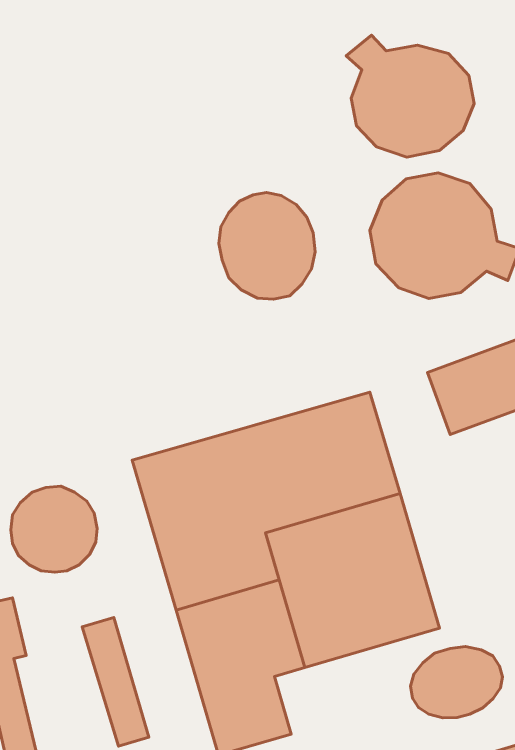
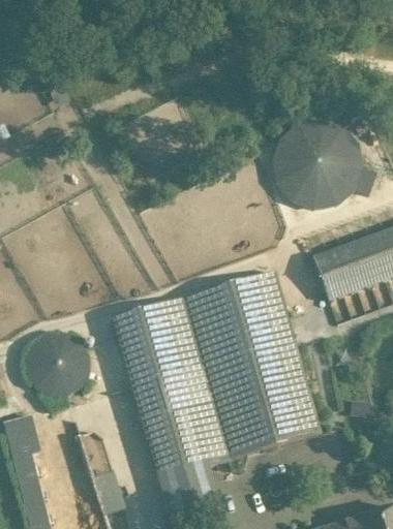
building: [346,35,474,157] -> none
building: [219,192,315,299] -> none
building: [410,647,503,718] -> none

